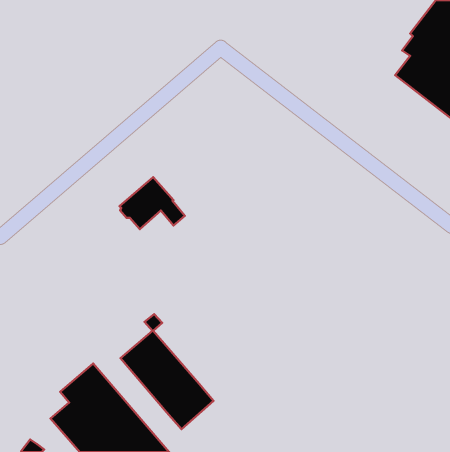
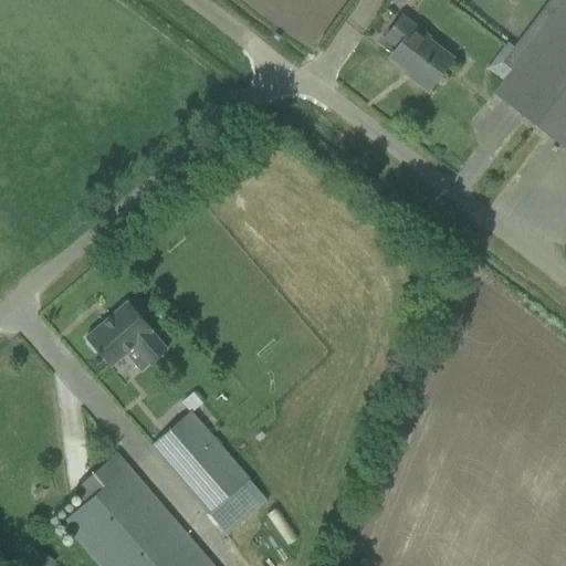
building: none -> [388,17,455,91]
building: [119,177,185,229] -> [88,302,170,367]

